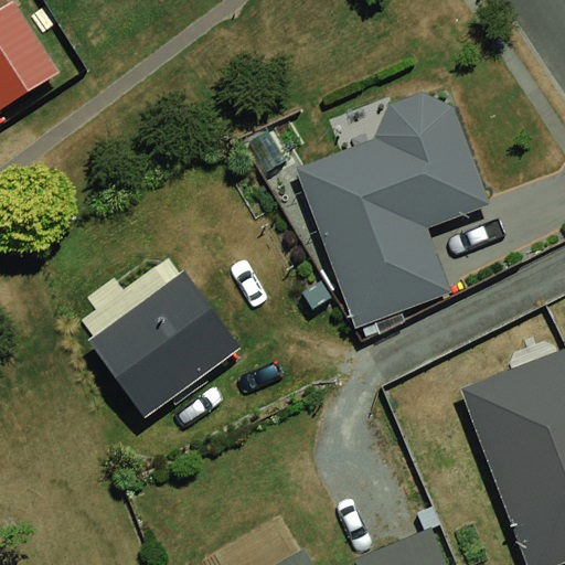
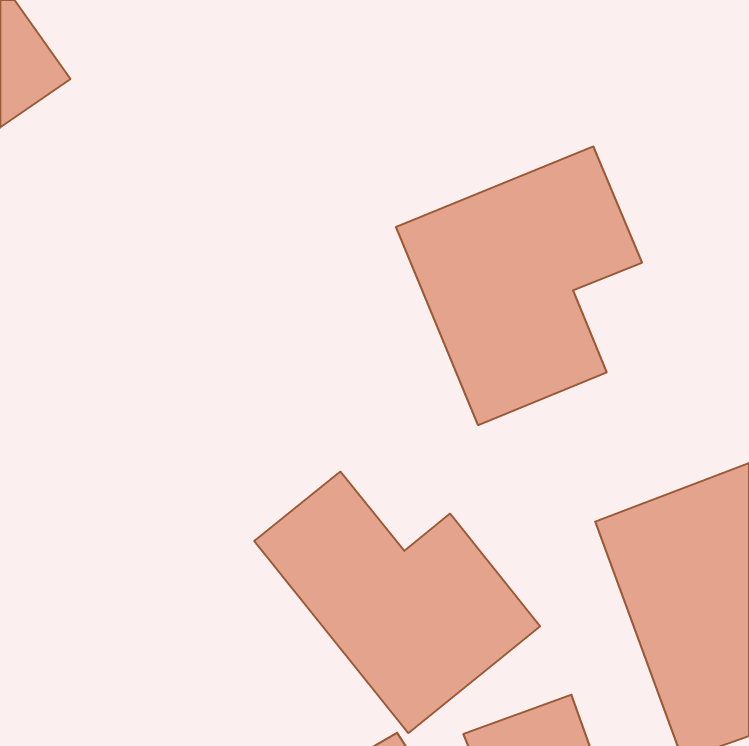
building: [92,275,239,417] -> none
building: none -> [254,472,540,733]

